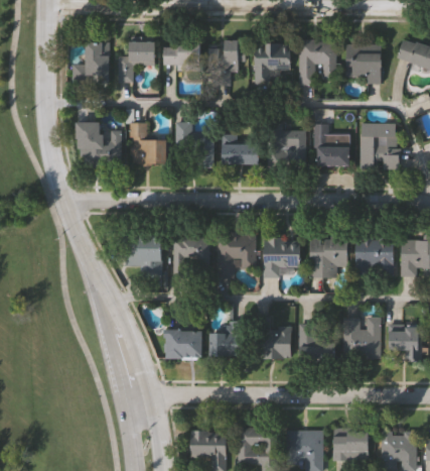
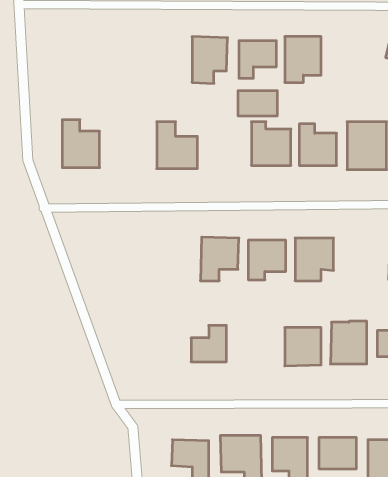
building: [164,40,200,73] -> none
building: [73,42,110,83] -> none
building: [118,42,155,83] -> none
building: [344,44,382,82] -> none
building: [129,123,167,165] -> none
building: [223,141,261,165] -> [238,91,277,116]
building: [125,235,162,269] -> none
building: [175,235,208,264] -> none
building: [355,237,393,272] -> none
building: [259,325,291,358] -> none
building: [165,331,202,359] -> none

